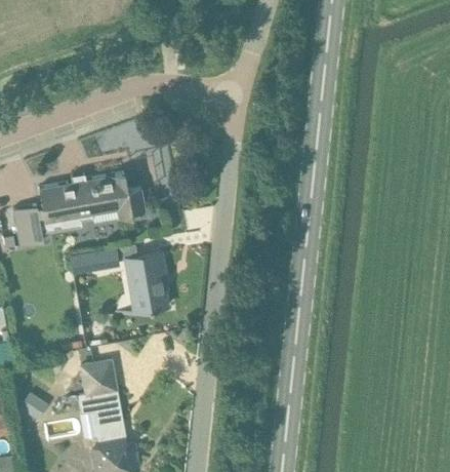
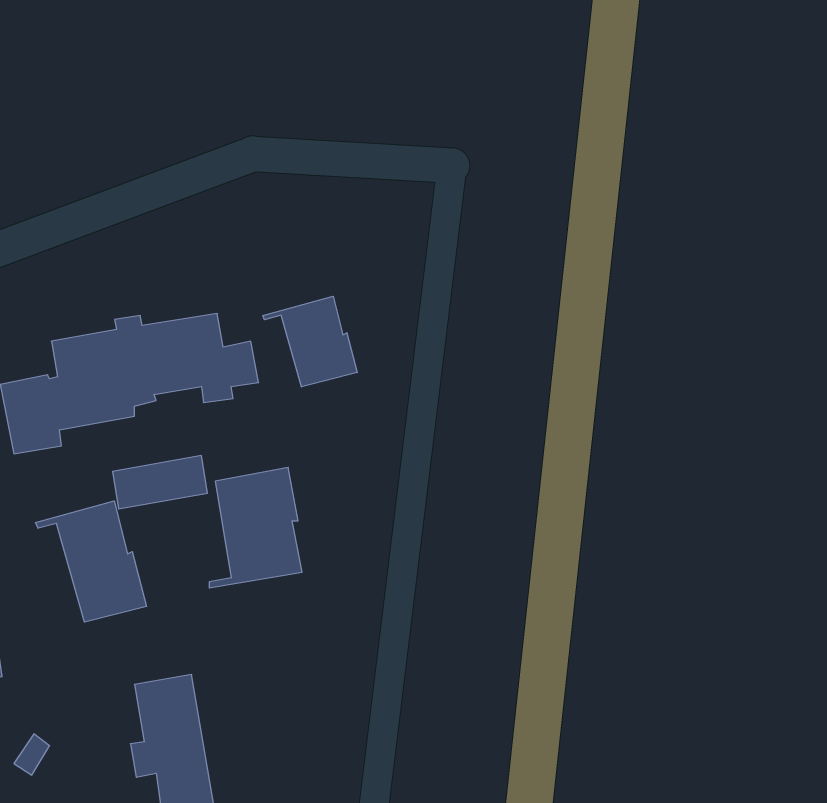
building: none -> [263,296,357,387]
building: none -> [36,501,147,622]

